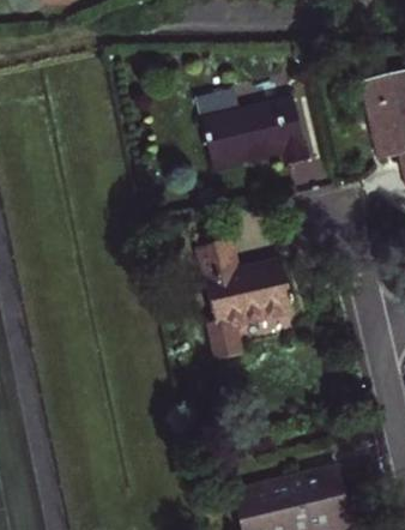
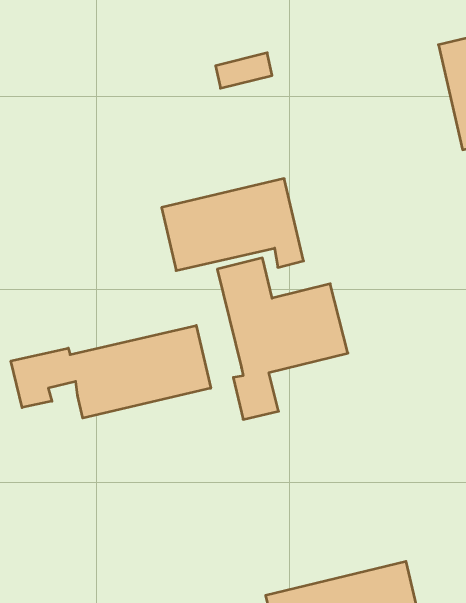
building: [202,98,308,167] -> [162,179,304,271]
building: none -> [11,325,211,418]

